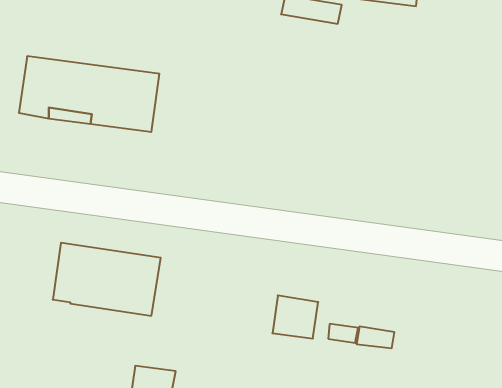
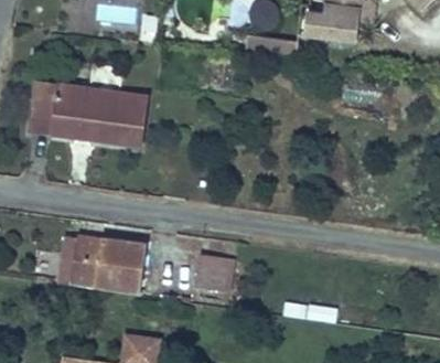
building: [272,295,318,339] -> [196,254,234,289]

